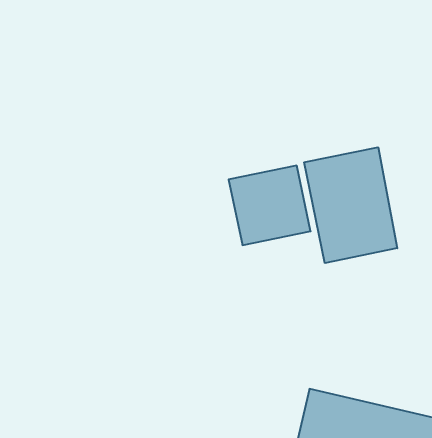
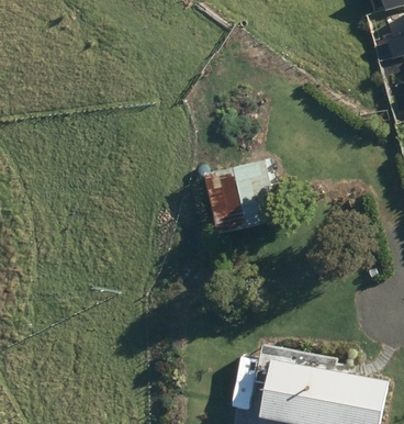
building: [304,147,397,263] -> none

